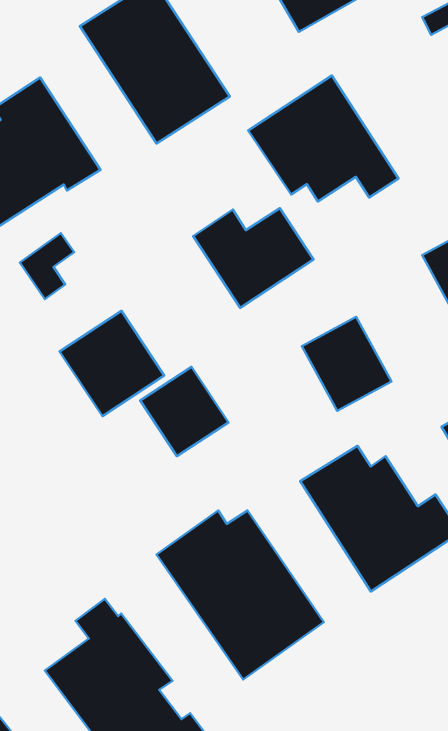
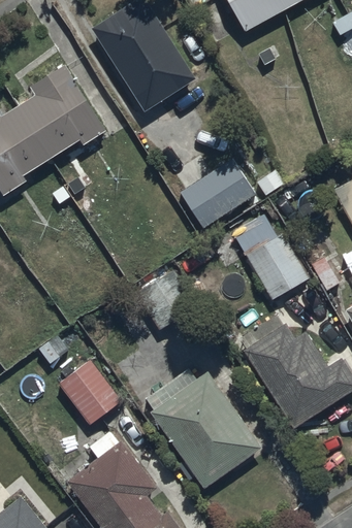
building: [248,76,398,202] -> none
building: [60,311,164,416] -> none
building: none -> [61,363,121,424]

